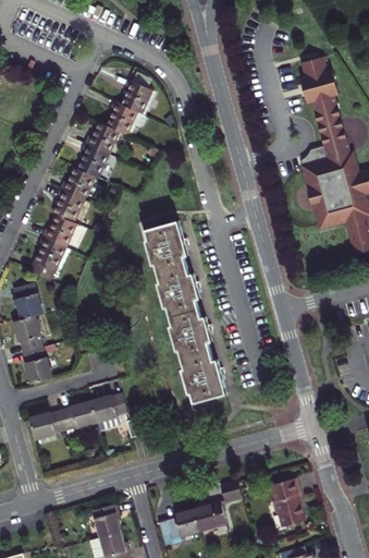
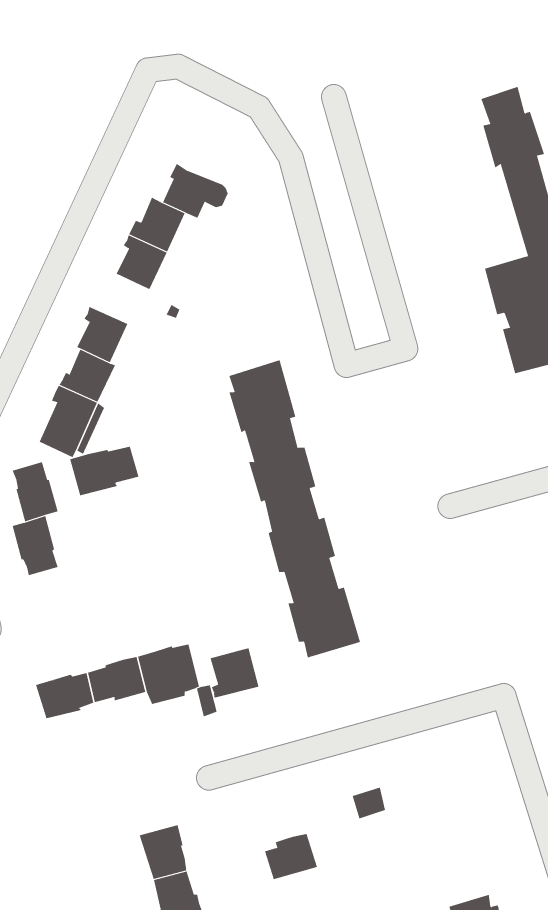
building: [120,80,151,114] -> none
building: [60,168,95,199] -> none
building: none -> [69,446,139,496]
building: [23,348,51,385] -> none
building: none -> [210,647,259,698]
building: [270,478,304,527] -> none
building: [193,502,226,531] -> none

